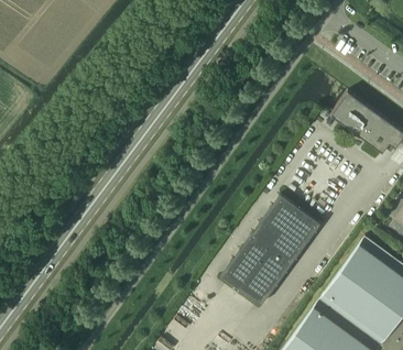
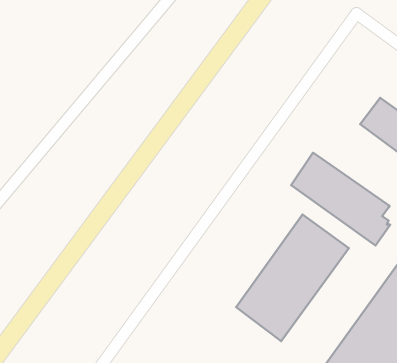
building: none -> [291,153,390,246]

